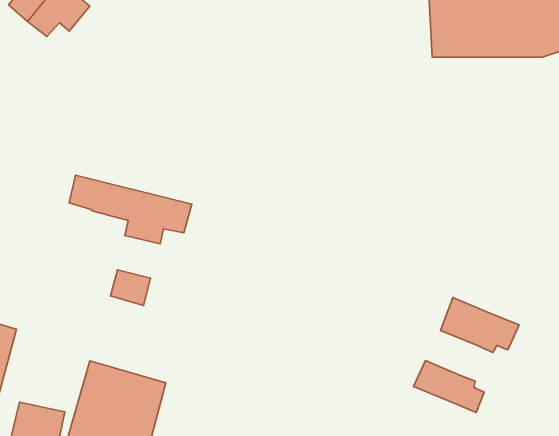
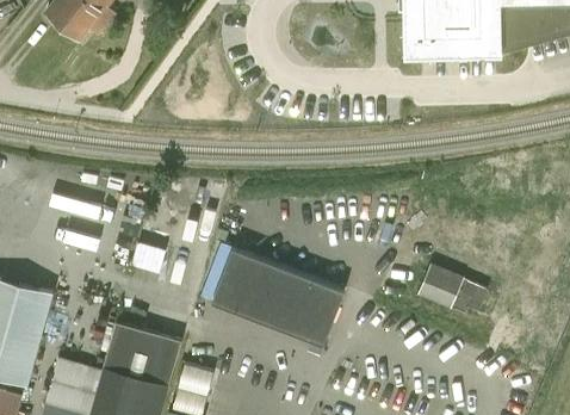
building: [69,175,192,244] -> none
building: none -> [209,247,342,345]
building: [413,361,484,413] -> none

